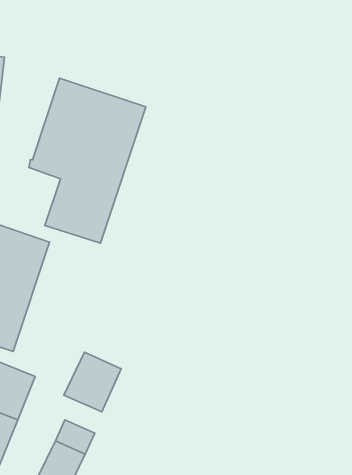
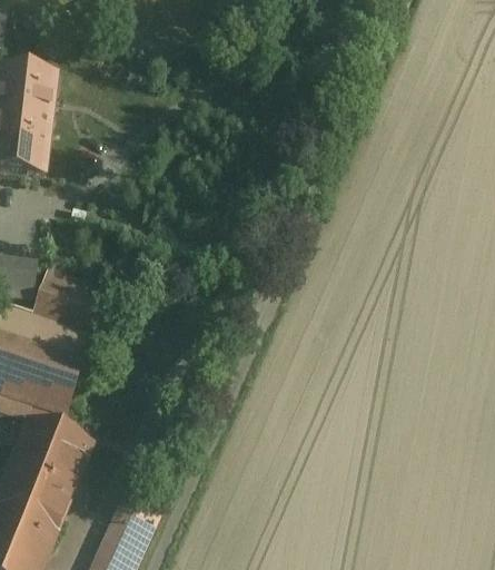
building: [29,78,146,243] -> none
building: [64,352,121,412] -> none

